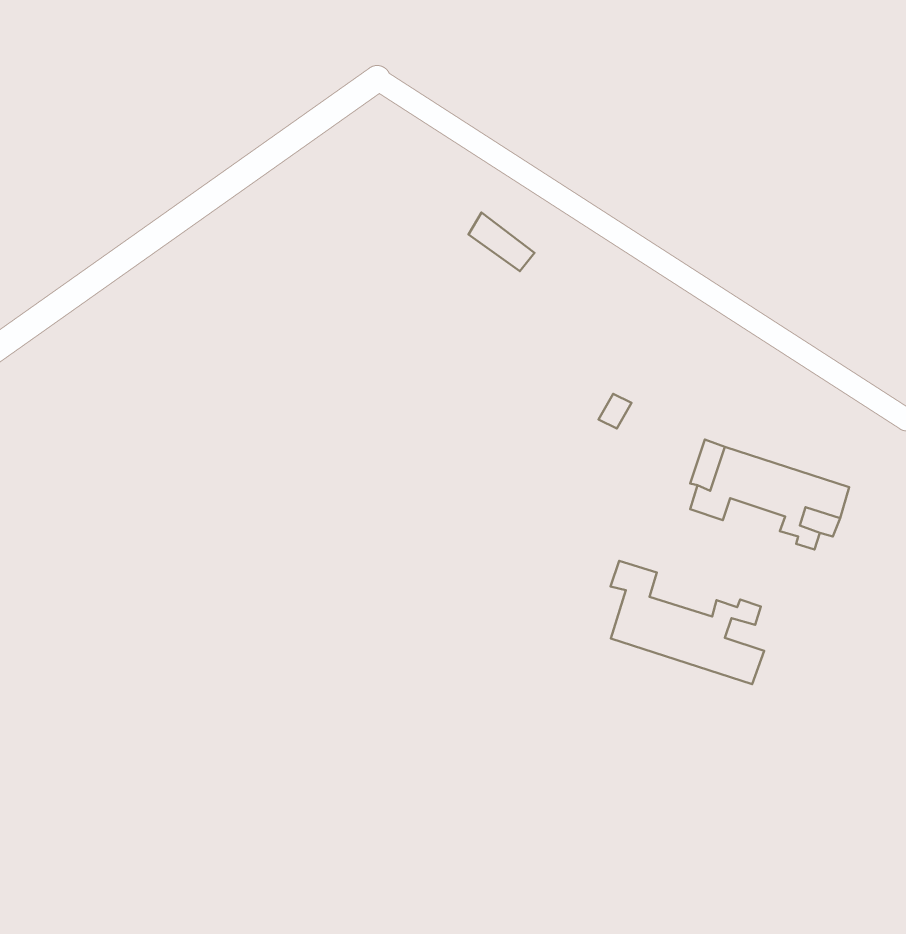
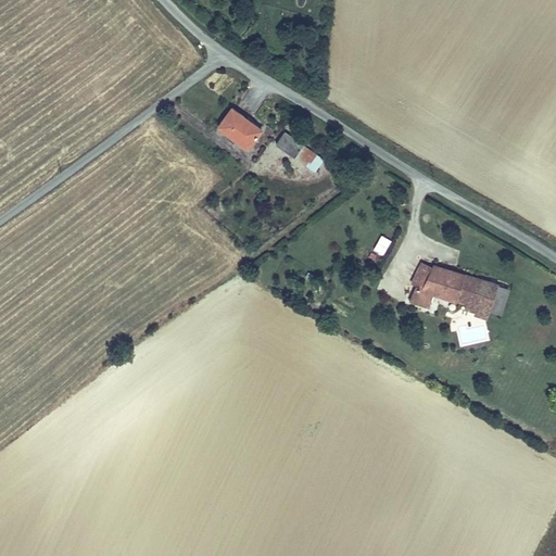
building: none -> [220,108,262,146]
building: [611,561,764,684] -> none

